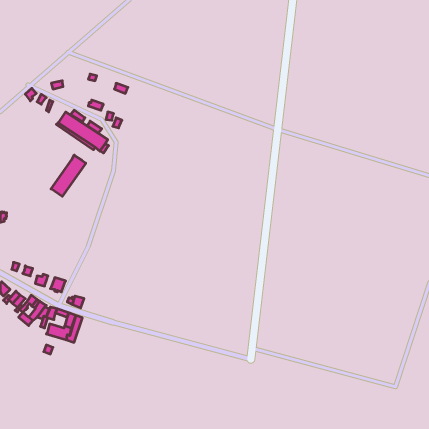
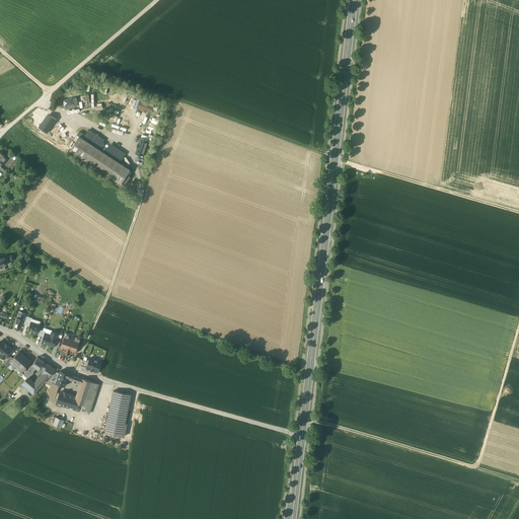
building: [51,155,86,196] -> none
building: none -> [105,389,132,434]

